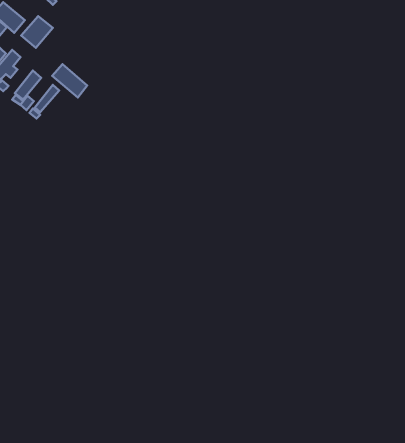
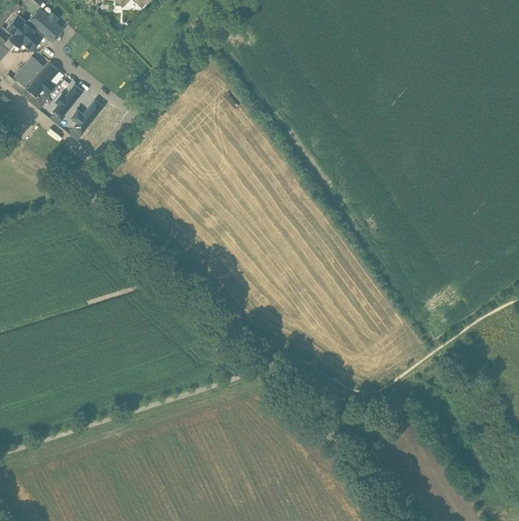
building: [21,16,53,48] -> none
building: [52,64,87,97] -> none

